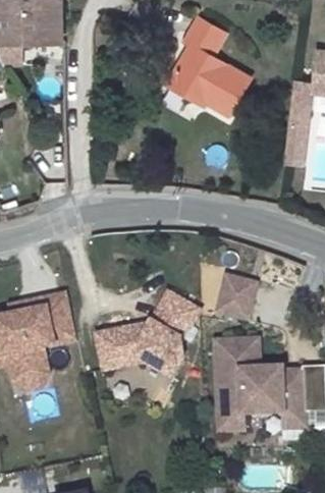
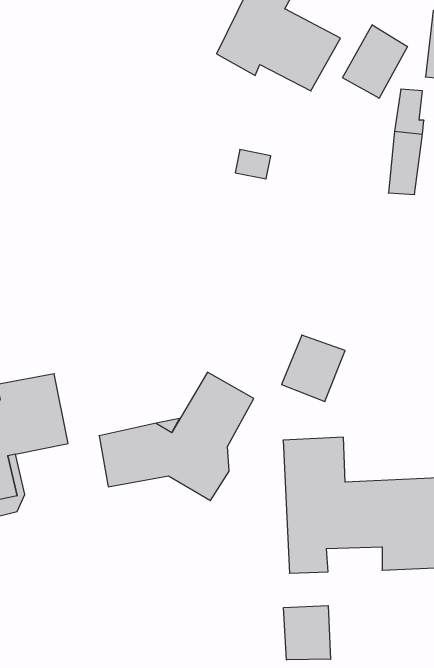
building: none -> [343,25,407,98]
building: none -> [284,606,331,660]

